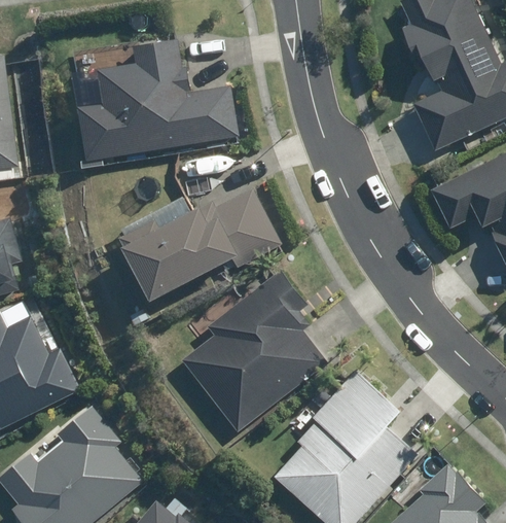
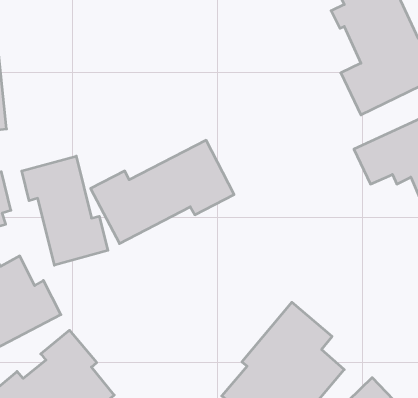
building: [76,37,240,163] -> none
building: none -> [22,156,108,265]
building: [181,270,328,431] -> none

